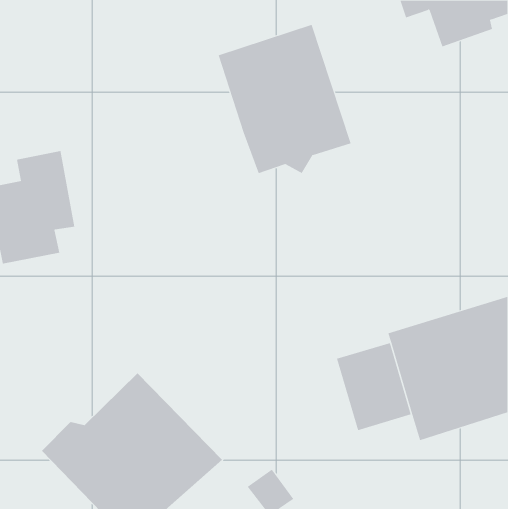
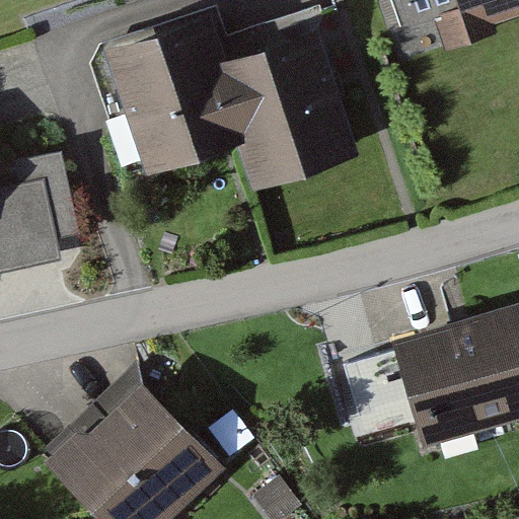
building: none -> [102,11,245,171]

